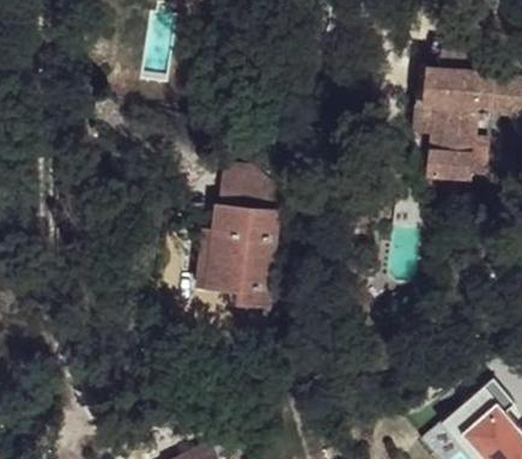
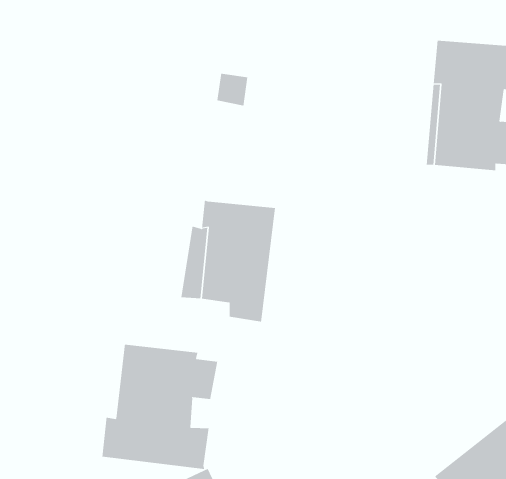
building: [223,167,281,212] -> none
building: none -> [102,344,218,470]

